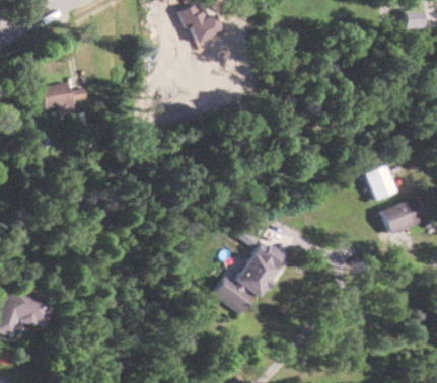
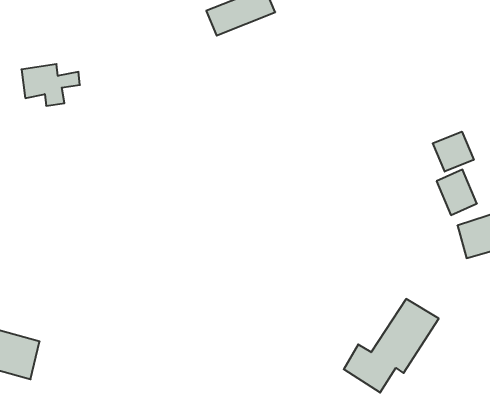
building: none -> [433,132,474,172]
building: [211,240,285,313] -> [344,299,439,393]

